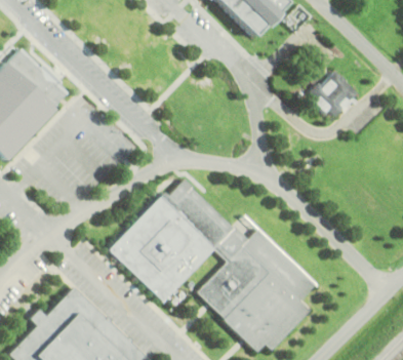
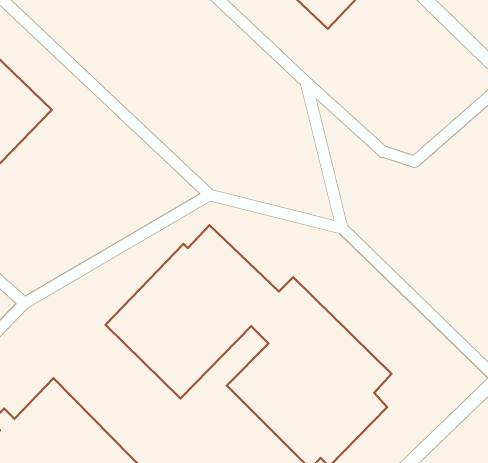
building: [308,70,357,119] -> none

